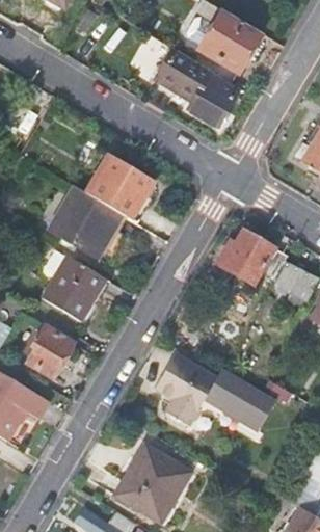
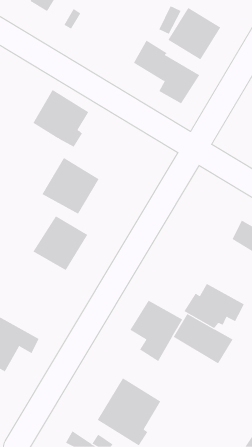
building: [88,154,155,222] -> [33,89,89,148]
building: [216,231,288,285] -> [184,283,244,329]
building: [22,325,73,384] -> none

